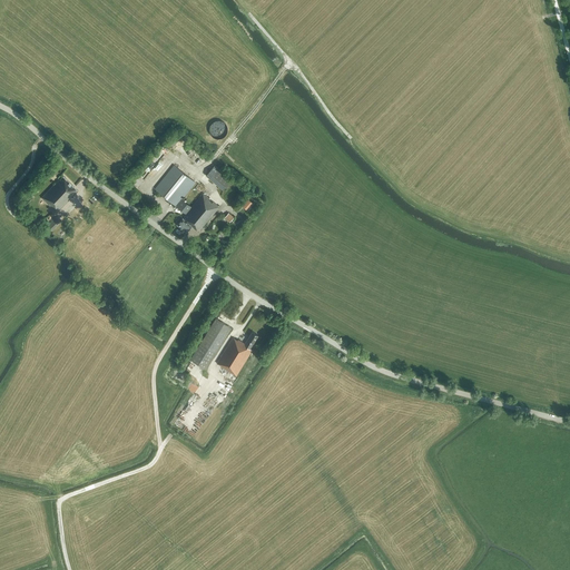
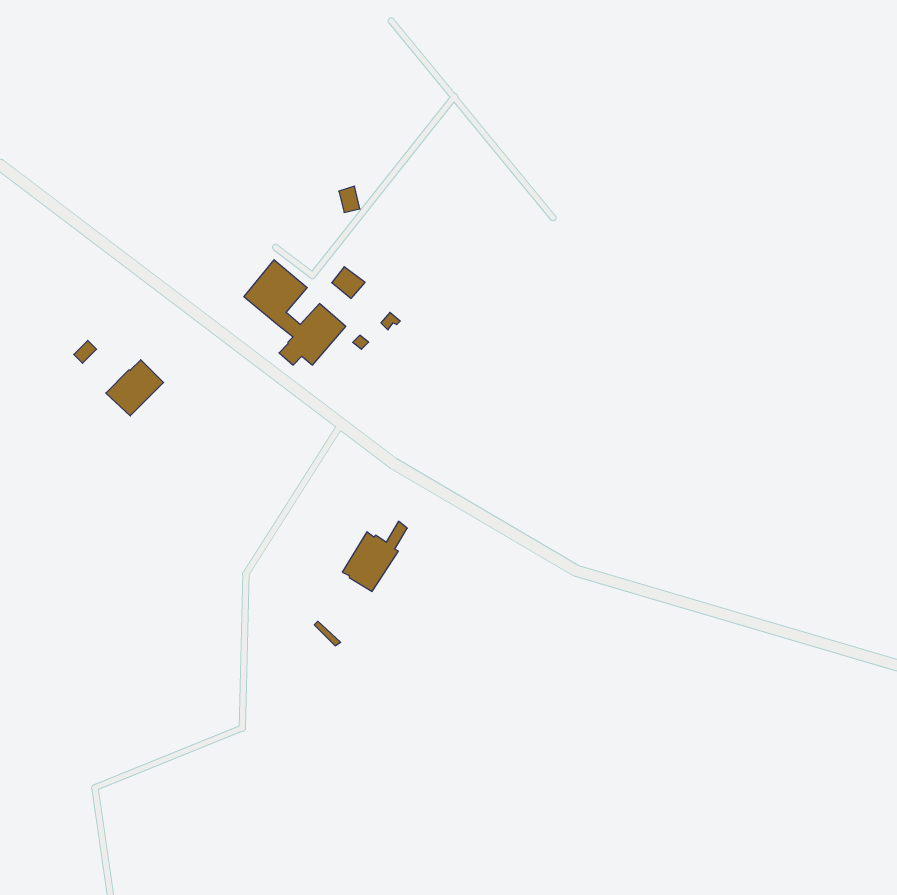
building: [41,177,78,213] -> [106,360,164,416]
building: [190,320,232,371] -> none

